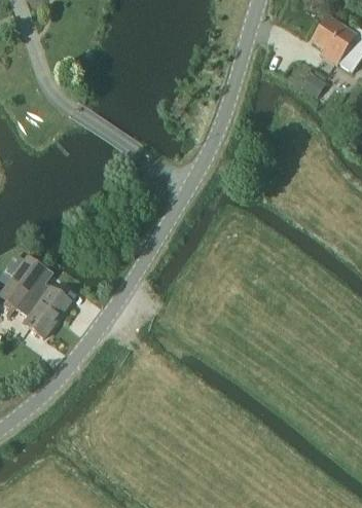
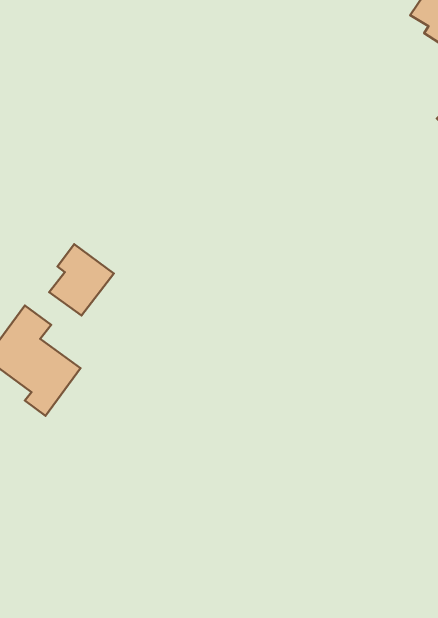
building: none -> [49,244,114,316]

